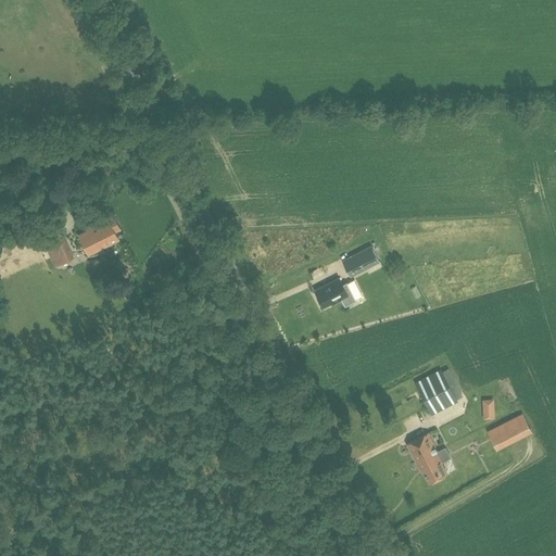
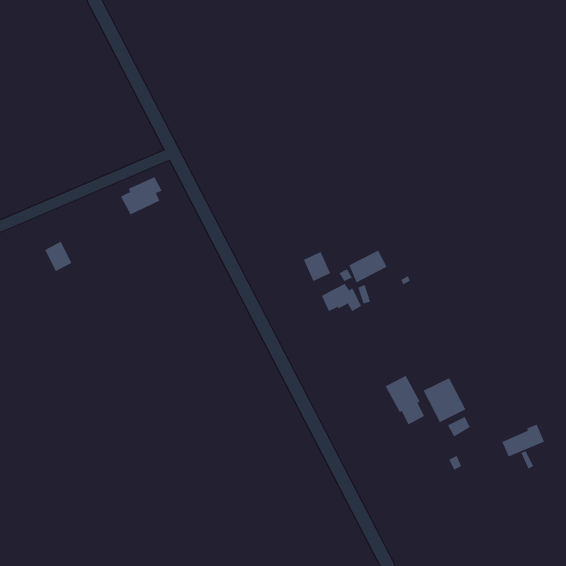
building: [77,216,118,254] -> [120,176,162,215]
building: none -> [303,251,331,282]
building: [406,434,445,483] -> [385,375,425,425]

